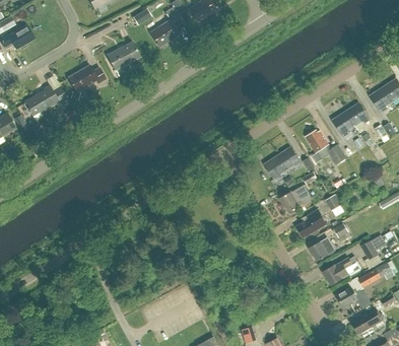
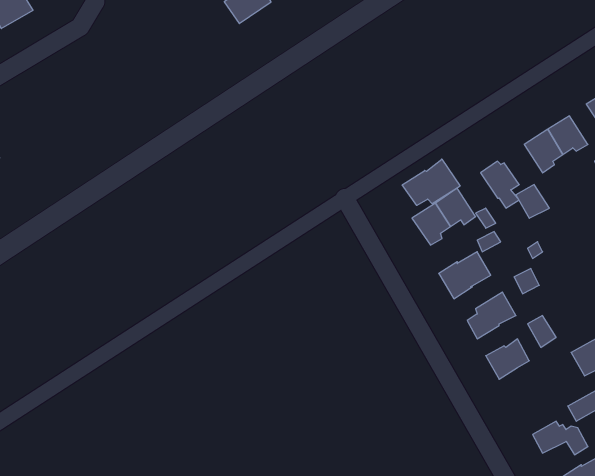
building: [107,41,140,69] -> none
building: [68,65,105,90] -> none
building: [24,85,67,115] -> none
building: none -> [402,159,460,205]
building: [323,257,352,284] -> none

